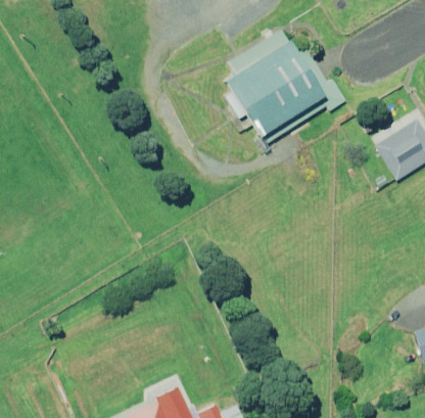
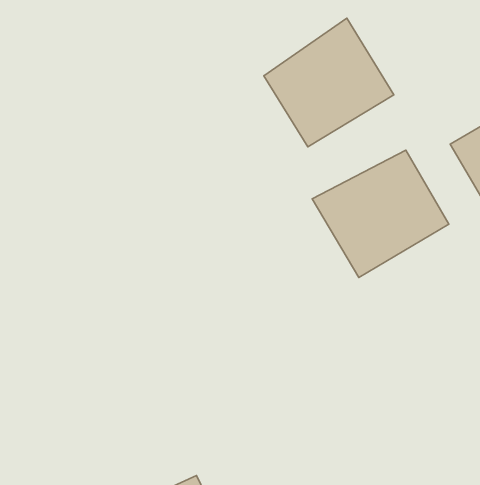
building: none -> [312,150,449,278]

